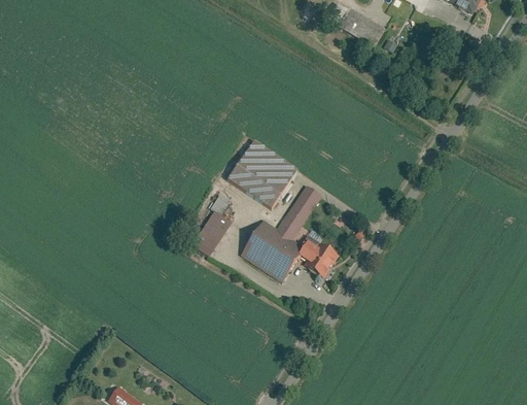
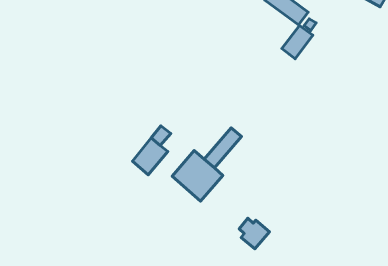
building: none -> [282,26,313,59]
building: [227,140,296,208] -> none
building: [302,240,340,277] -> [239,218,269,249]

